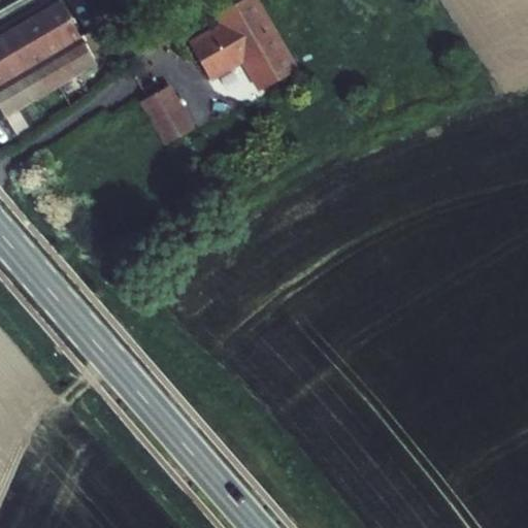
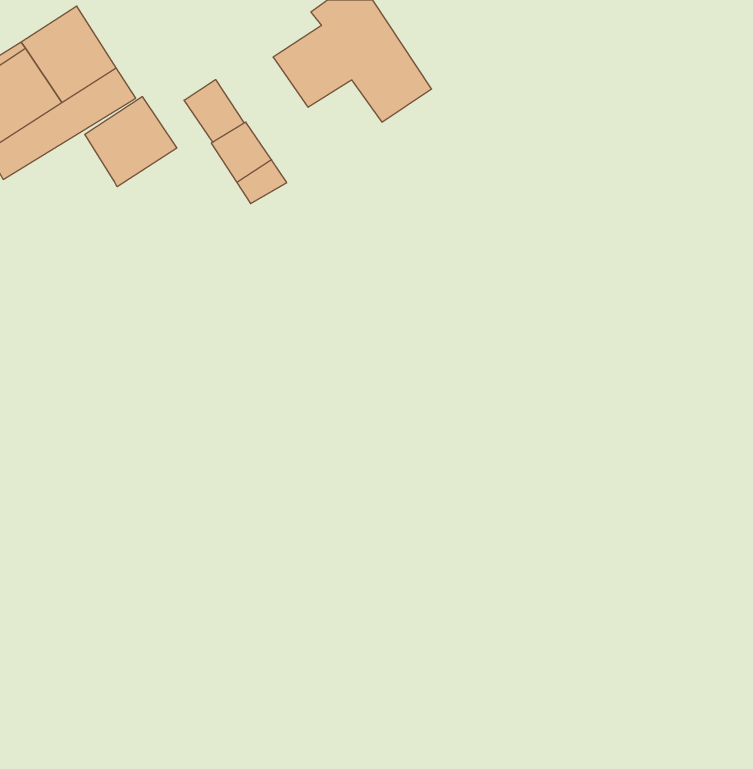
building: none -> [184,80,244,142]
building: none -> [85,97,177,187]

